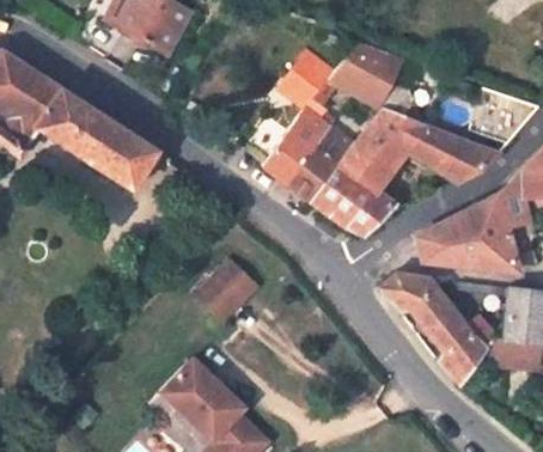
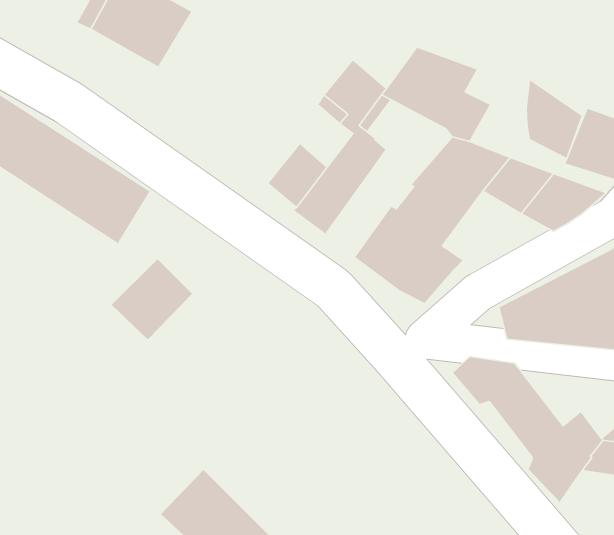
building: none -> [526,79,582,159]
building: [287,128,353,200] -> none
building: [196,262,257,323] -> [111,258,193,340]

